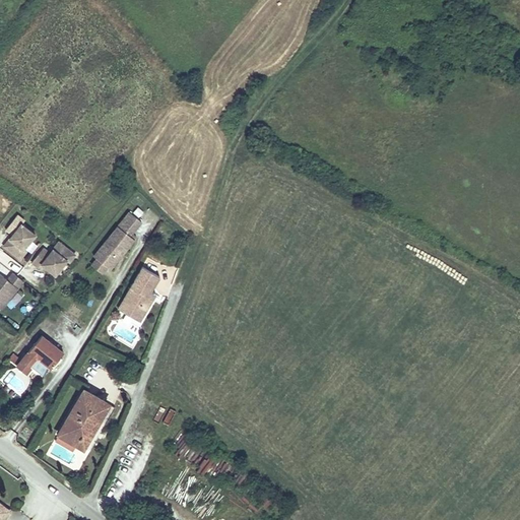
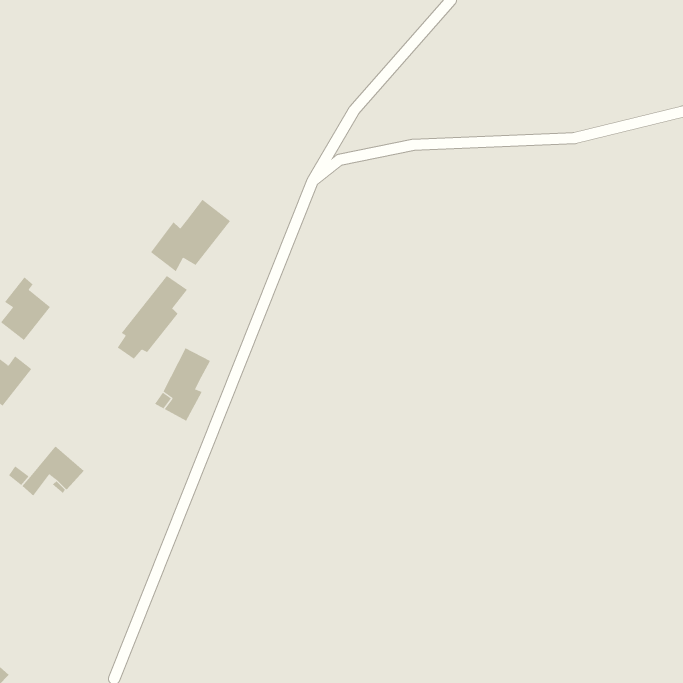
building: none -> [150,199,231,272]
building: [29,238,81,274] -> none
building: [60,400,109,456] -> none

